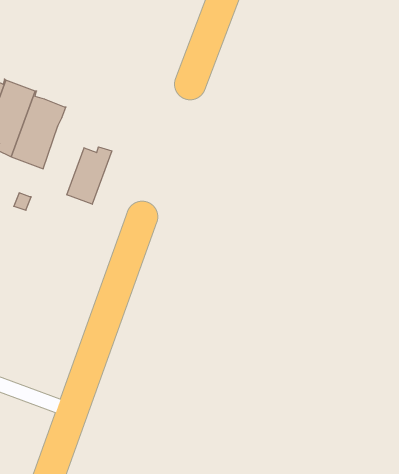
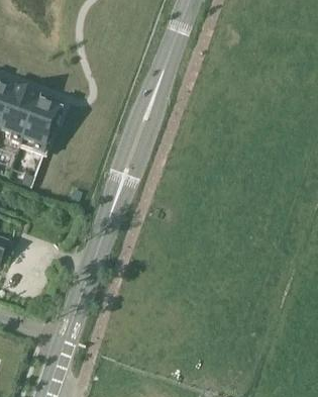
building: [67,147,112,204] -> none

